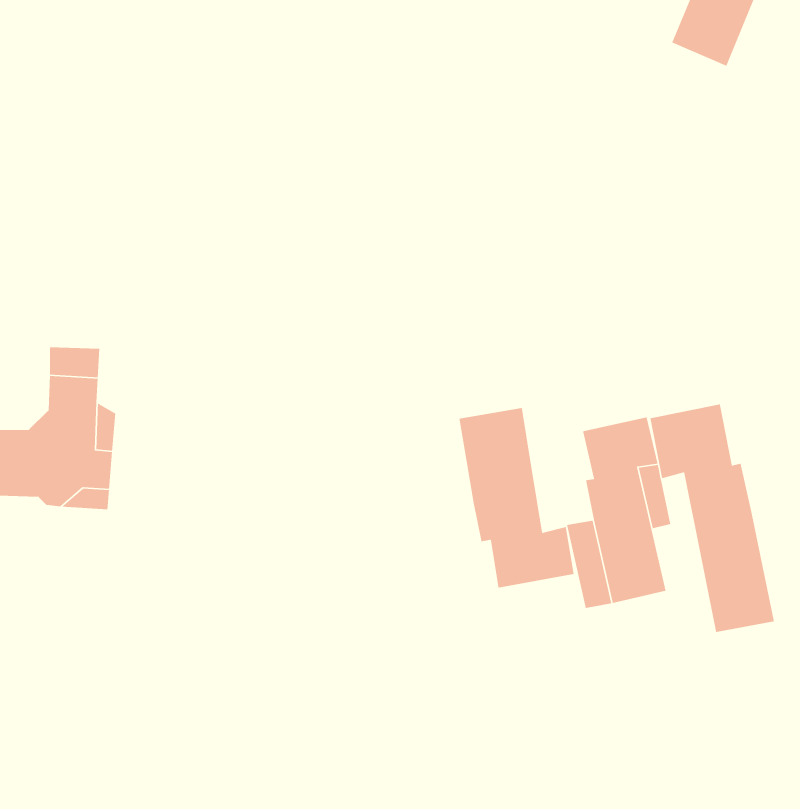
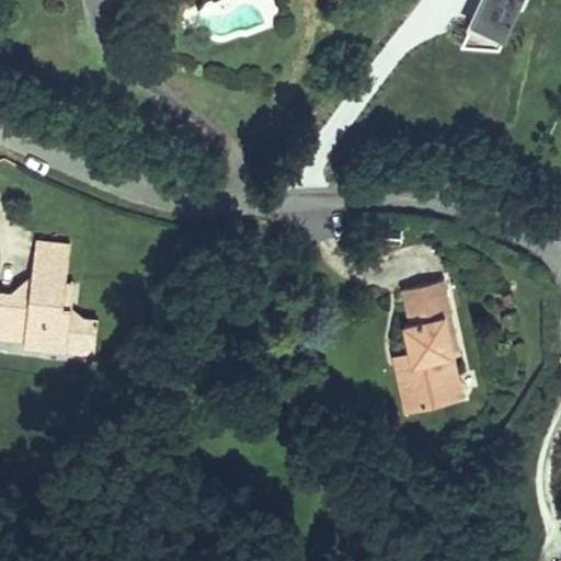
building: [649,403,775,633] -> none
building: [459,407,574,588] -> none

